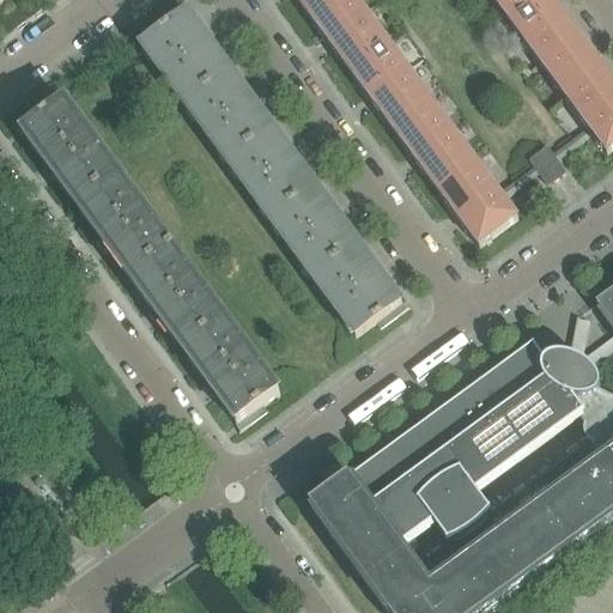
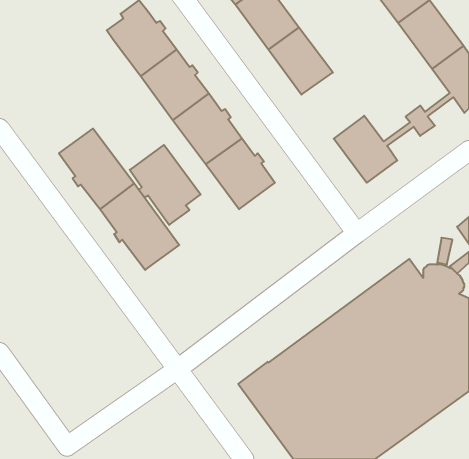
building: [18,93,121,200] -> none
building: [393,95,474,181] -> none
building: [311,238,405,332] -> none
building: [189,320,281,424] -> [130,145,201,225]

